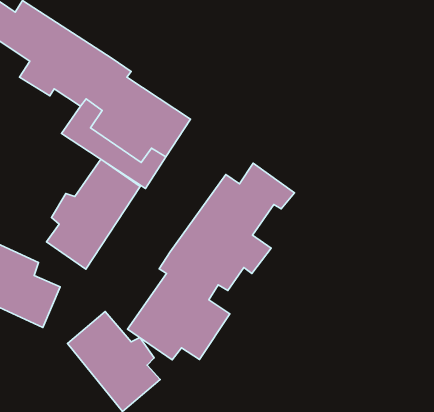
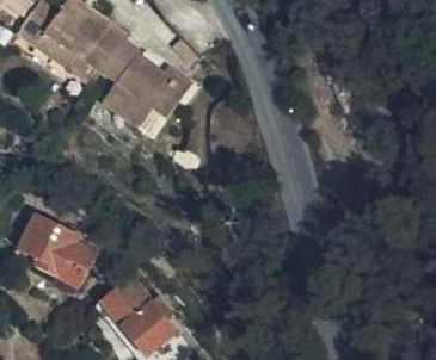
building: [46,159,140,269] -> none
building: [127,163,295,360] -> none

